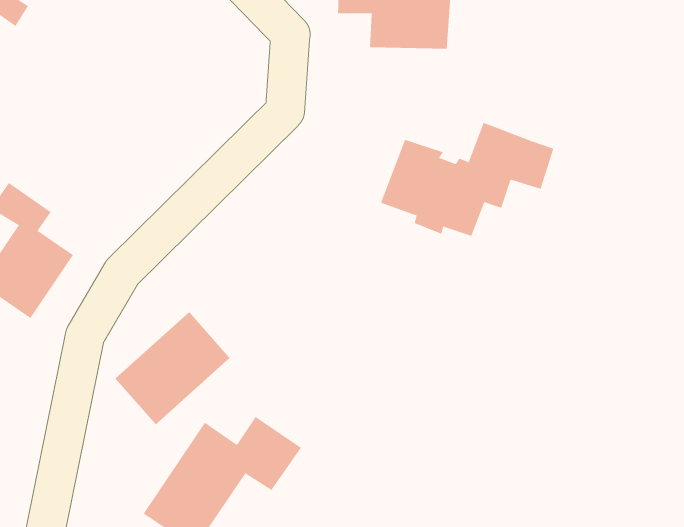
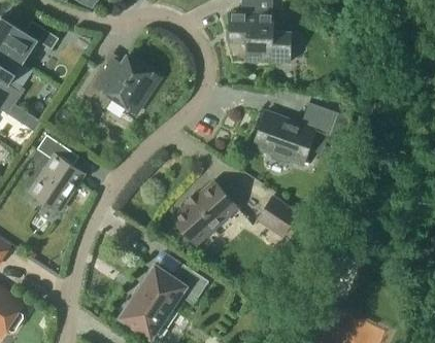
building: none -> [82,56,160,113]
building: none -> [257,196,297,237]
building: [115,311,230,425] -> [172,181,236,244]

